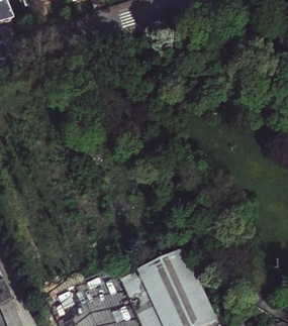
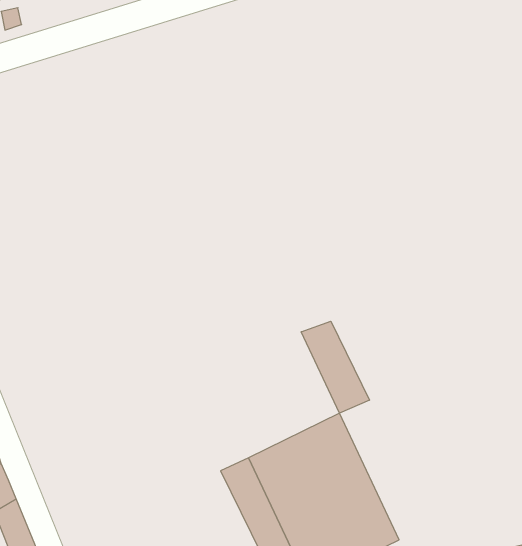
building: none -> [301,321,369,413]

